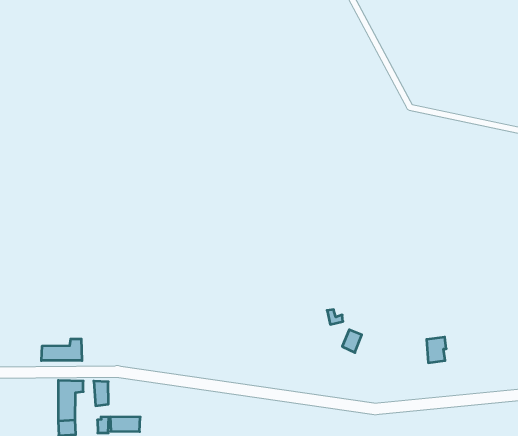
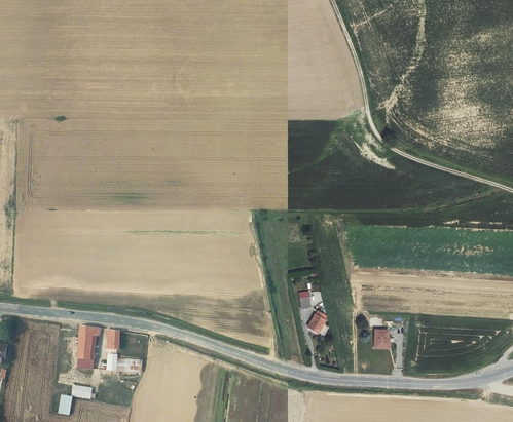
building: [41,339,82,361] -> none

